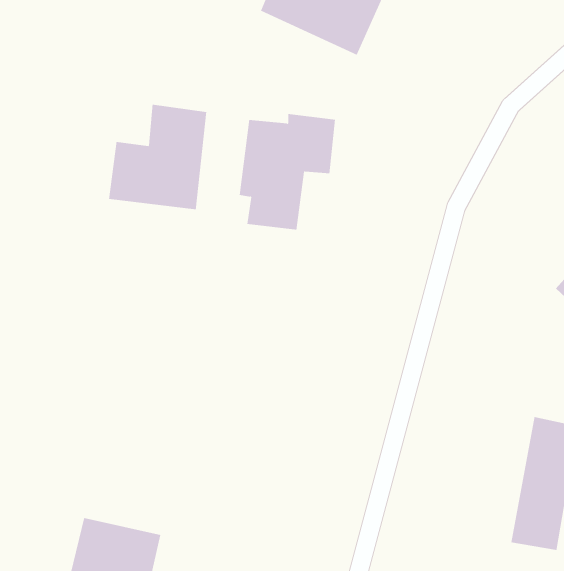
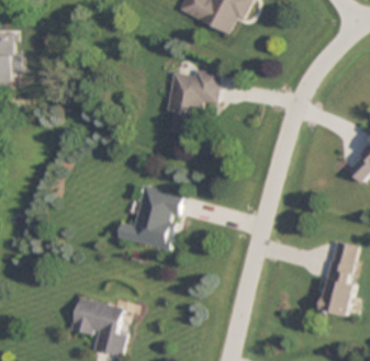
building: [108,104,207,210] -> none
building: none -> [116,184,183,249]

